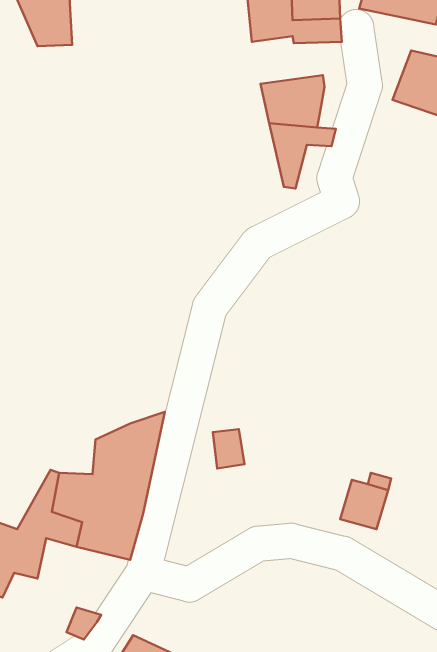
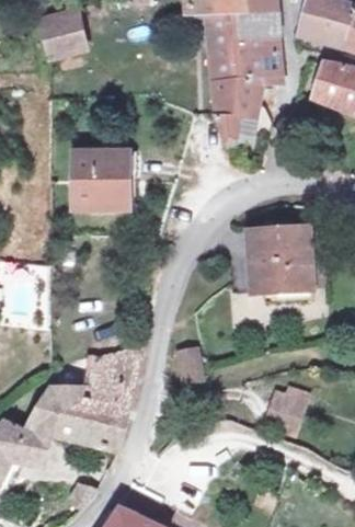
building: none -> [209,53,279,89]
building: none -> [70,151,125,208]
building: none -> [244,229,308,301]

